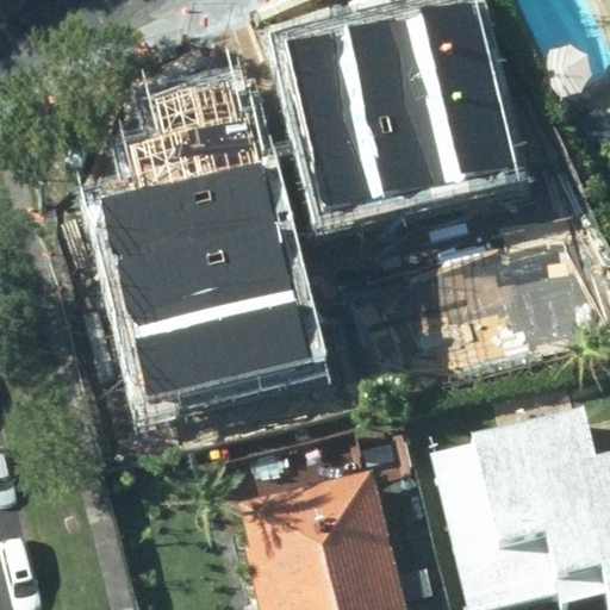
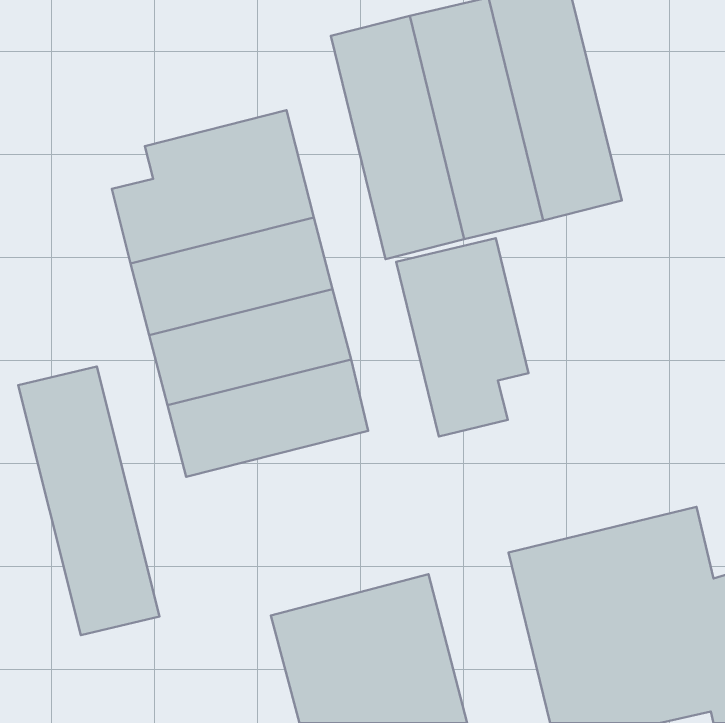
building: none -> [396,238,528,437]
building: none -> [18,366,160,635]

